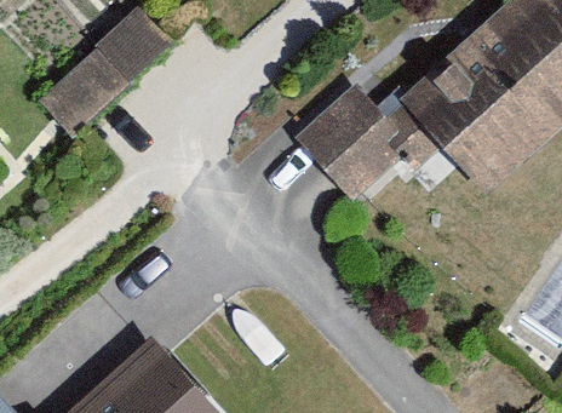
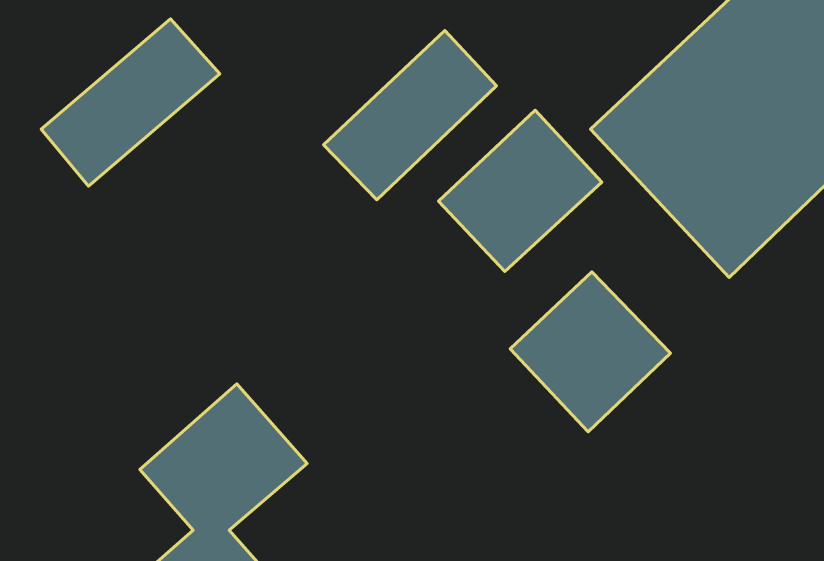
building: none -> [323,31,496,200]
building: none -> [510,272,671,432]

